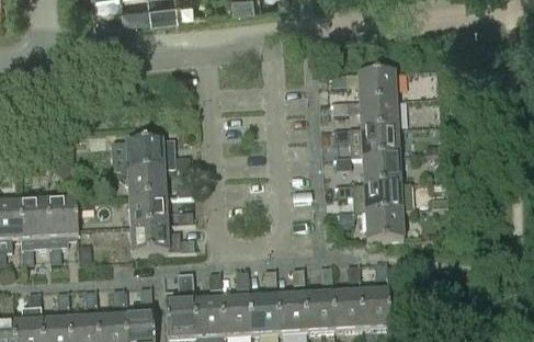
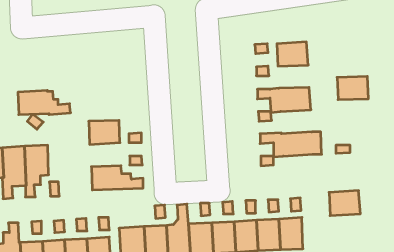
building: [359,100,397,128] -> [337,76,368,100]
building: [125,139,190,169] -> [18,90,71,115]
building: [362,155,400,184] -> none
building: [127,195,166,225] -> none
building: [365,209,404,240] -> [329,191,360,216]

